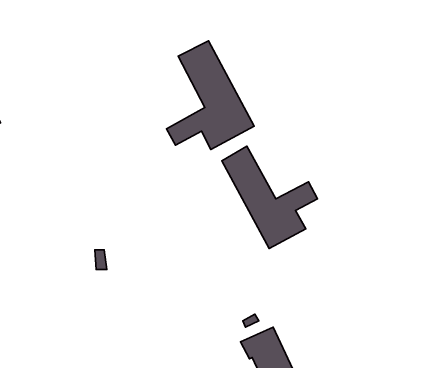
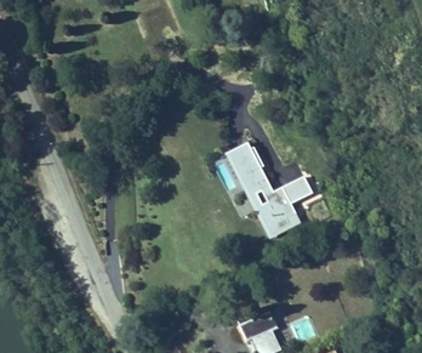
building: [167,41,254,149] -> none

